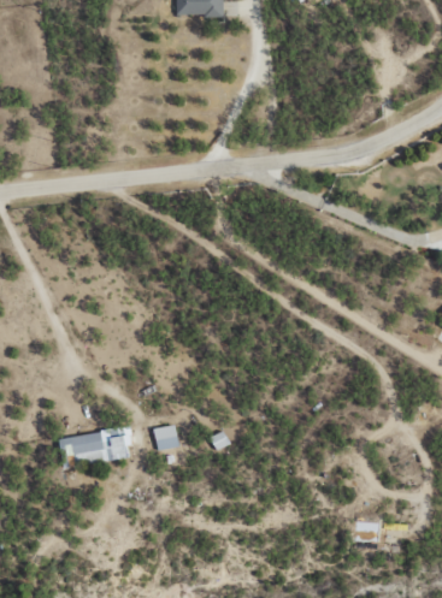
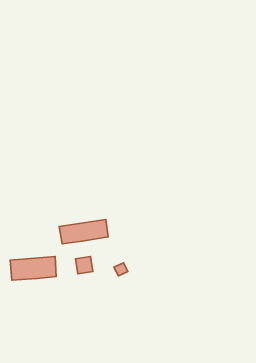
building: none -> [59,219,108,244]

